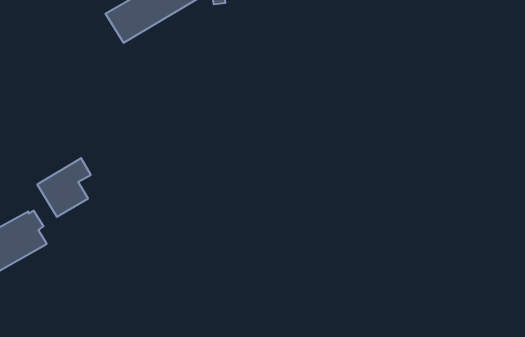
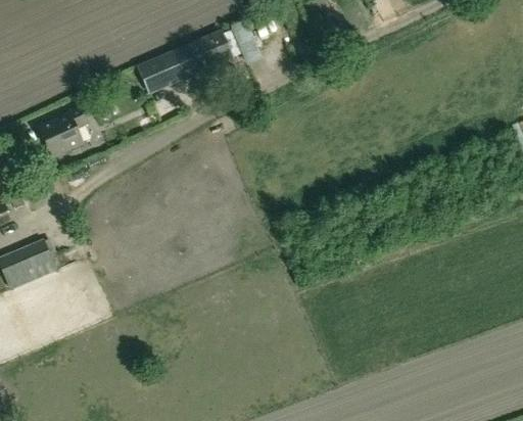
building: [37,158,91,217] -> [38,107,88,158]

